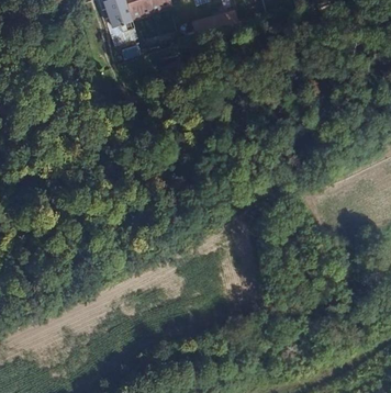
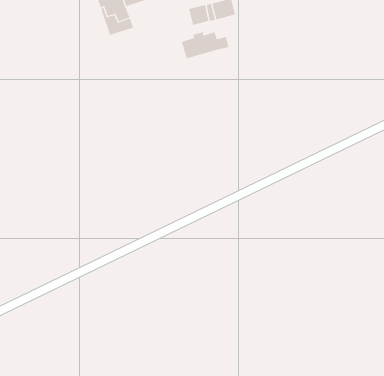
building: none -> [181,31,229,59]

